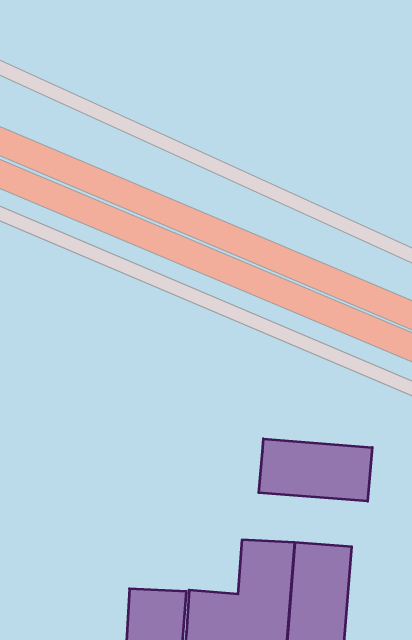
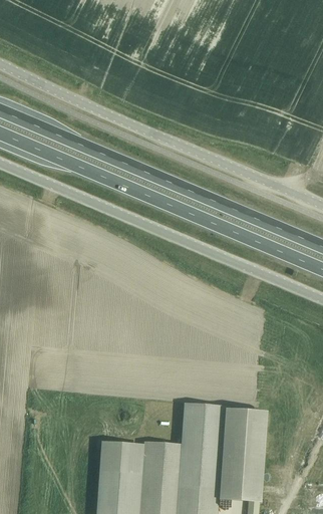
building: [259,439,372,501] -> none

